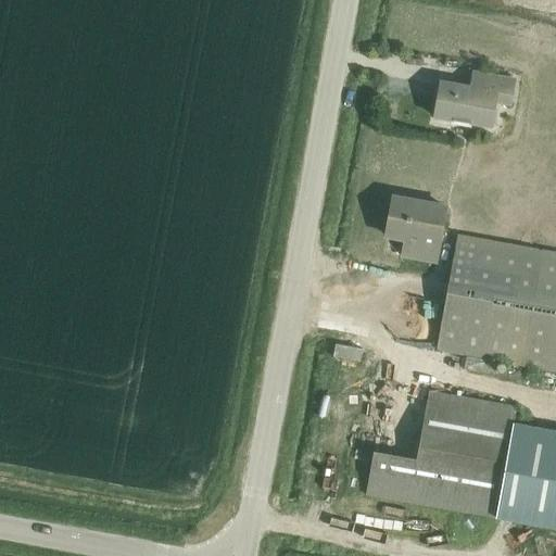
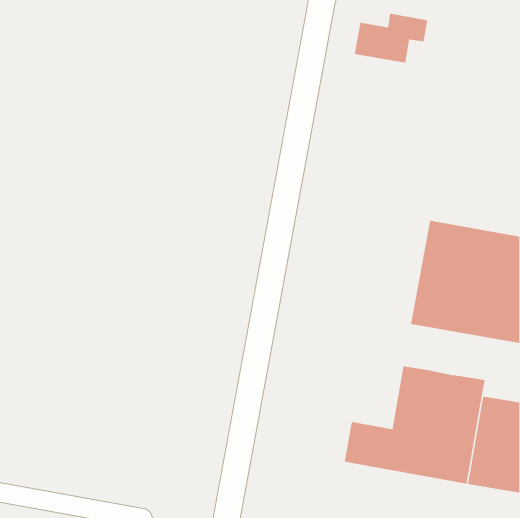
building: [435,72,515,126] -> [354,13,428,64]
building: [388,197,445,261] -> none

